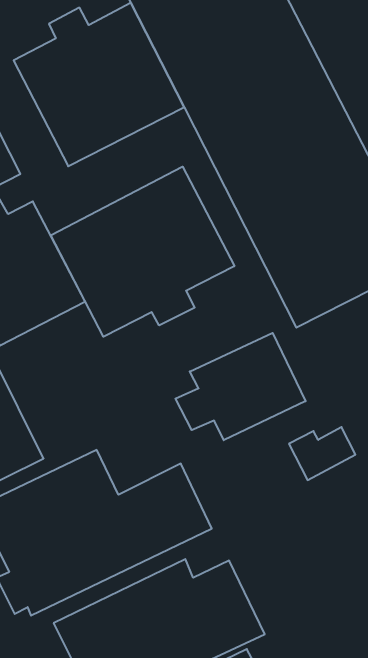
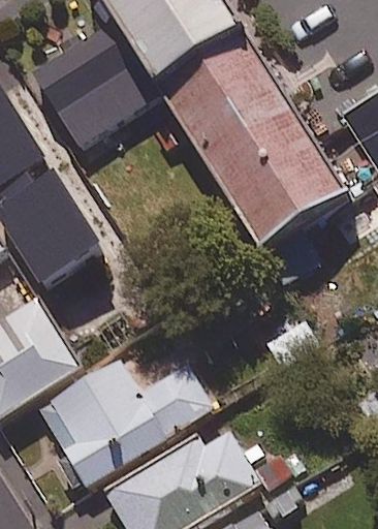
building: [51,167,234,337] -> none
building: [175,333,306,440] -> none

